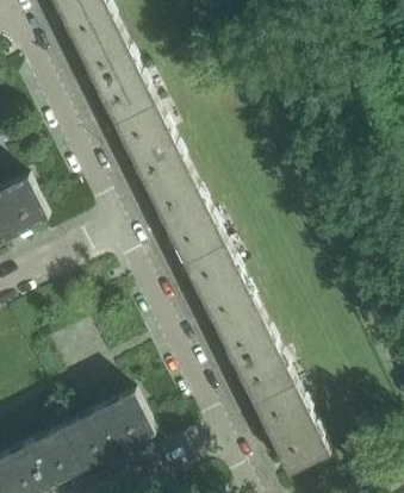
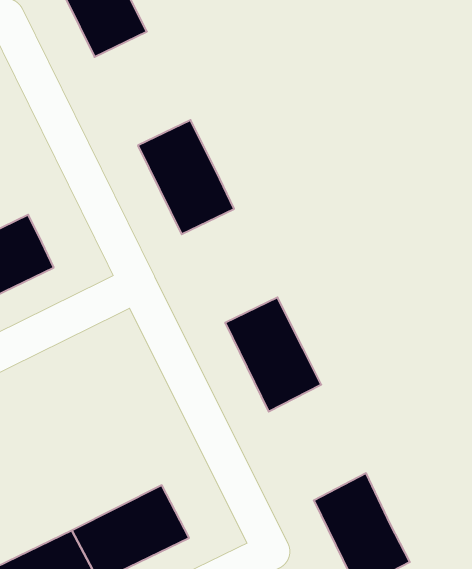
building: [79,33,155,124] -> none
building: [148,174,224,264] -> none
building: [217,313,294,405] -> none

